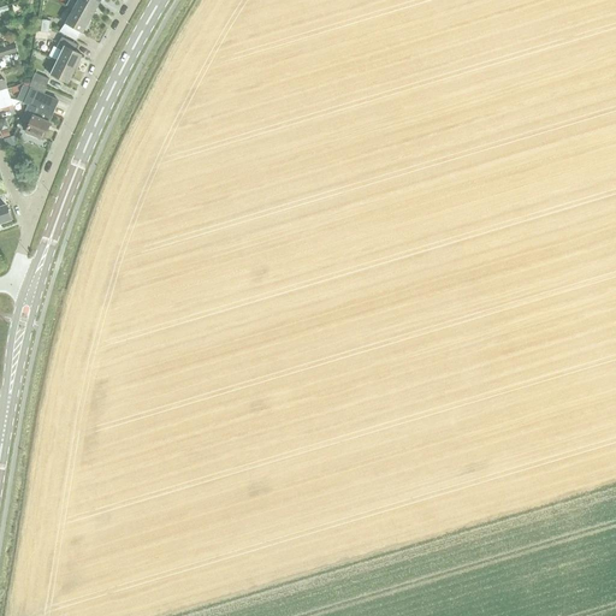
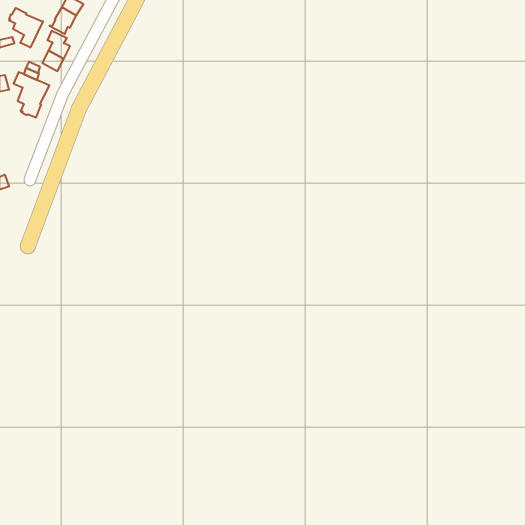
building: none -> [9,8,43,48]

